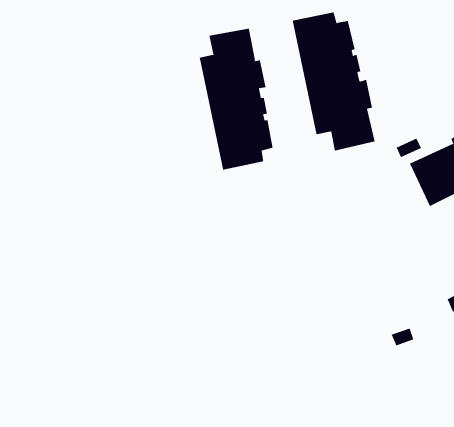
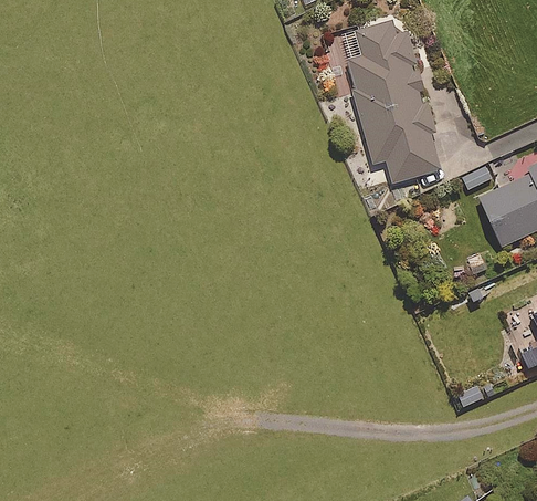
building: [199,28,273,171] -> none

